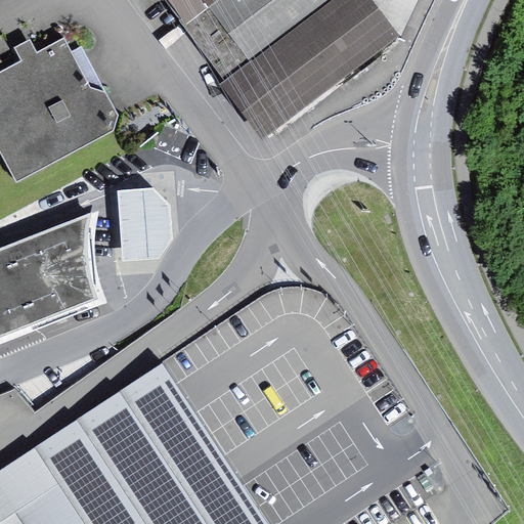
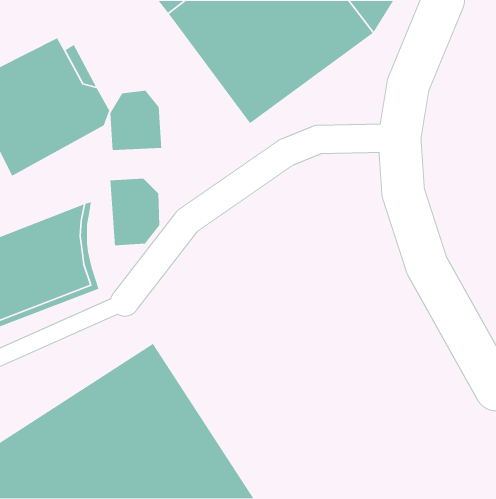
building: none -> [109,90,162,151]

